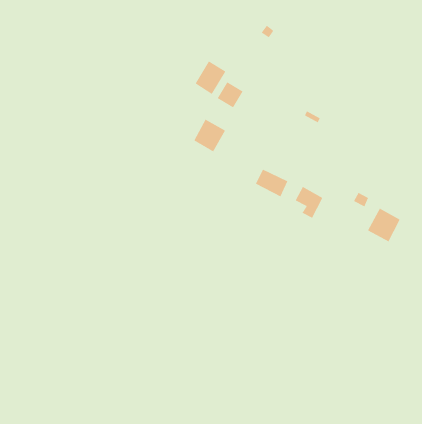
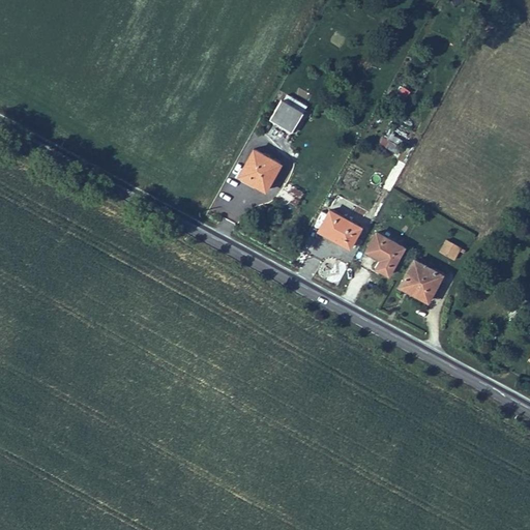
building: [195,61,226,95] -> none
building: [367,208,400,242] -> [399,260,440,302]

